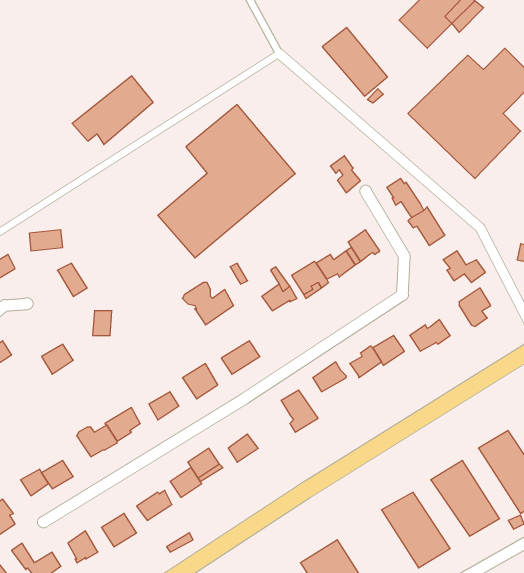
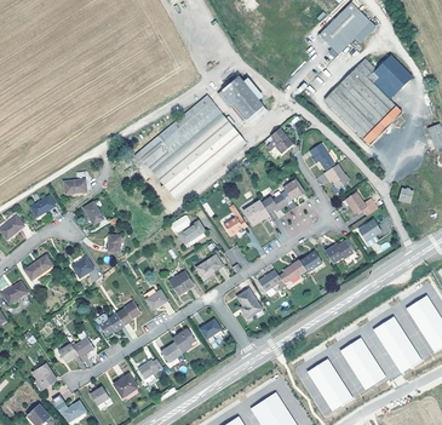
building: [322,28,387,96] -> [222,76,266,124]
building: [72,76,153,145] -> [130,122,185,170]

